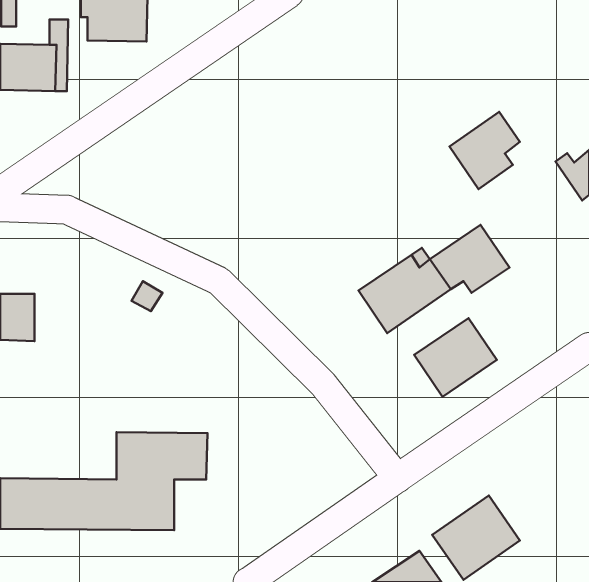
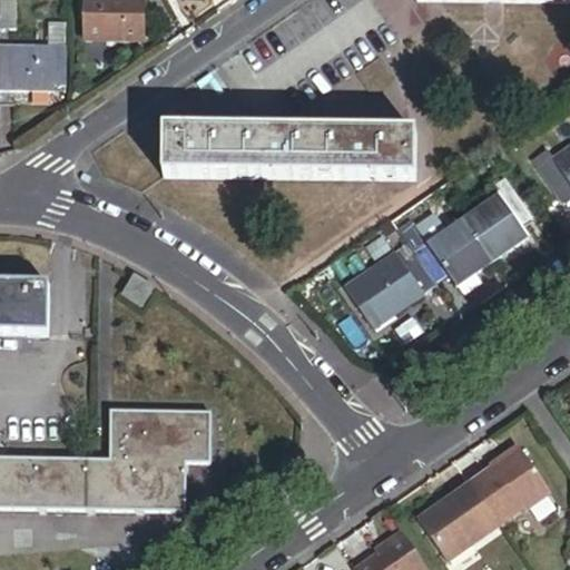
building: [450,112,520,189] -> [464,184,532,258]
building: none -> [178,119,416,165]
building: [414,318,497,397] -> none
building: none -> [472,445,550,522]

